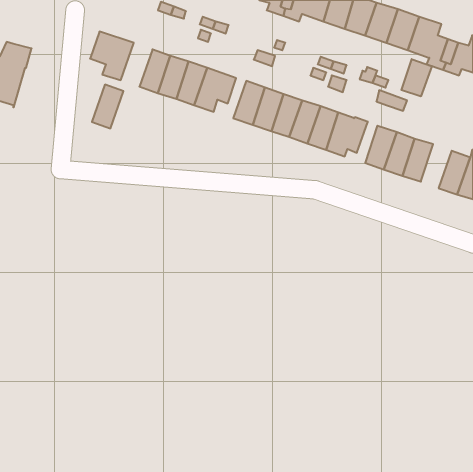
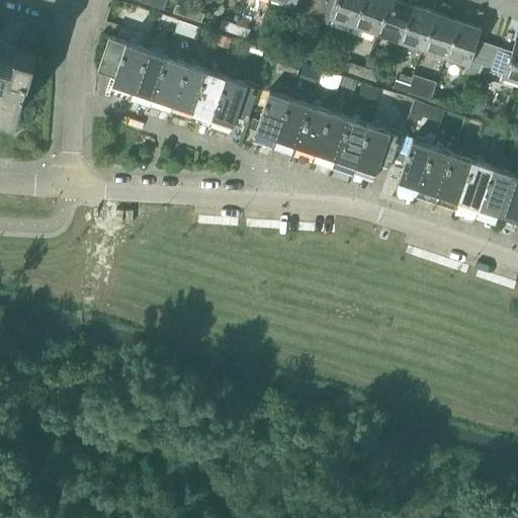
building: [401,59,432,96] -> none
building: [92,85,123,128] -> [132,51,166,98]
building: none -> [458,161,492,208]

